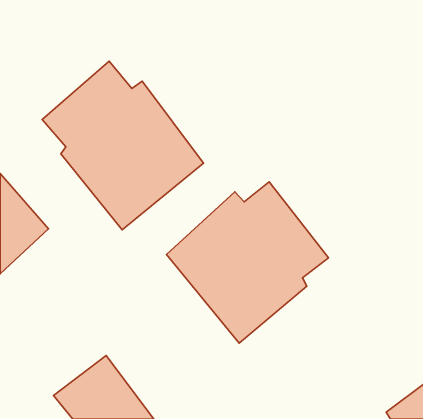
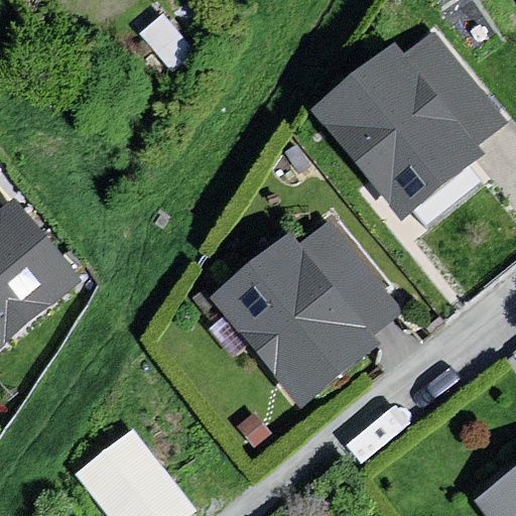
building: none -> [329,30,502,201]
building: [42,61,204,230] -> none

